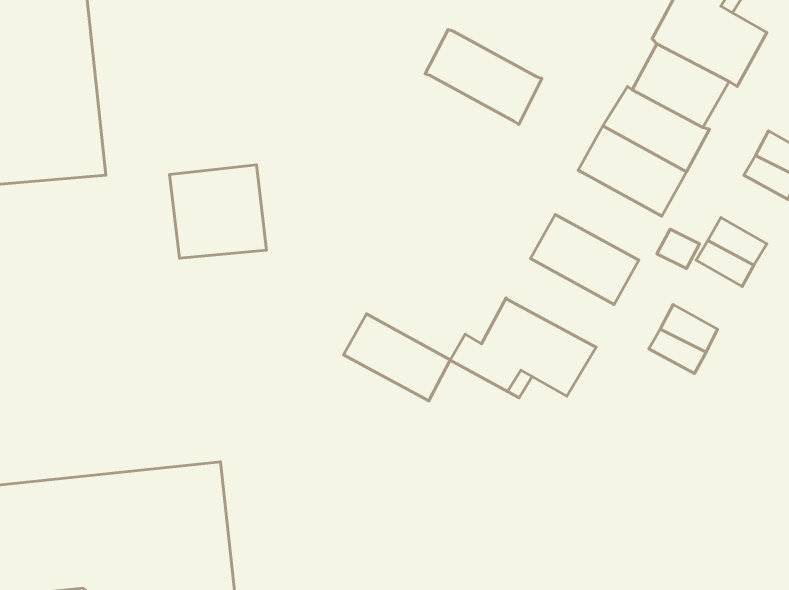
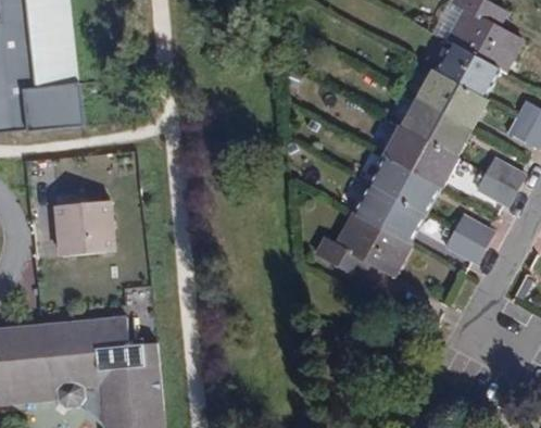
building: [425,29,542,125] -> [378,124,455,187]
building: [170,165,266,258] -> [63,198,127,260]
building: [343,314,450,401] -> [350,184,420,241]

